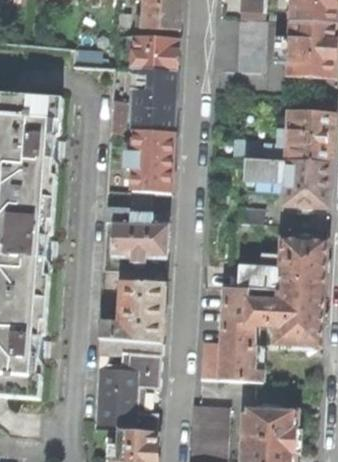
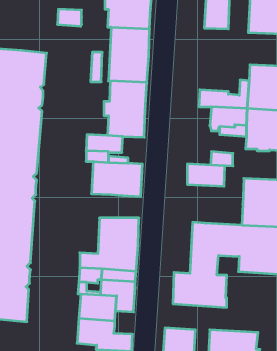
building: [238,265,280,290] -> [187,164,225,186]

